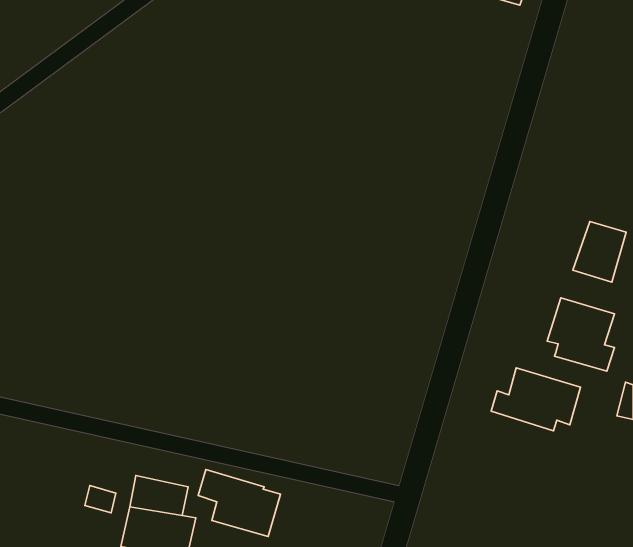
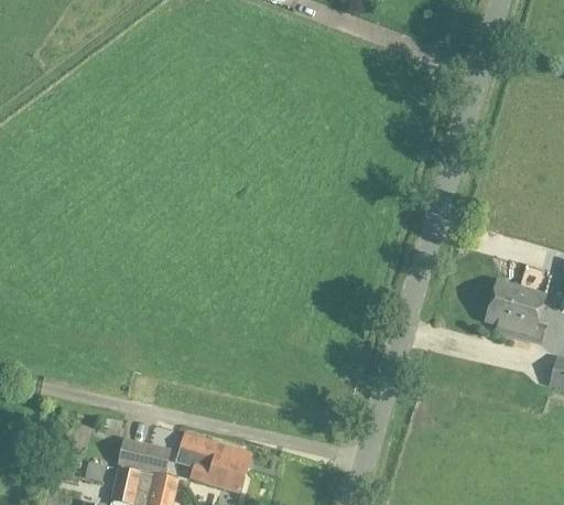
building: [573,222,626,282] -> none
building: [491,368,581,431] -> none

